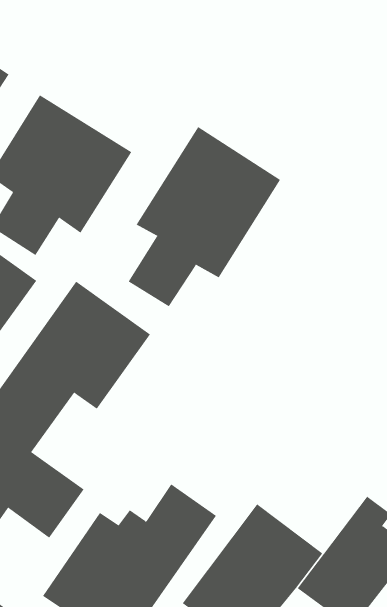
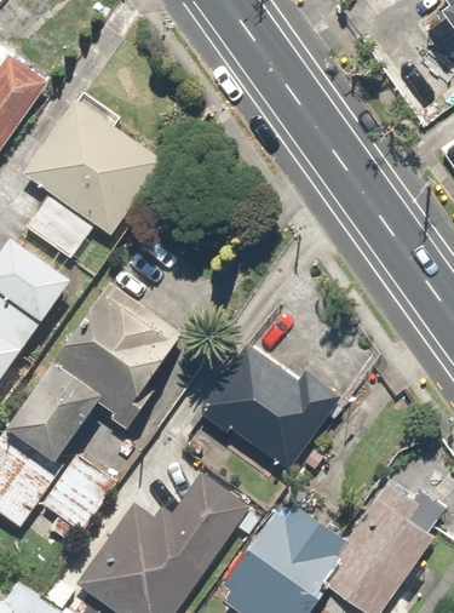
building: [128,126,281,307] -> none
building: none -> [201,342,338,470]

